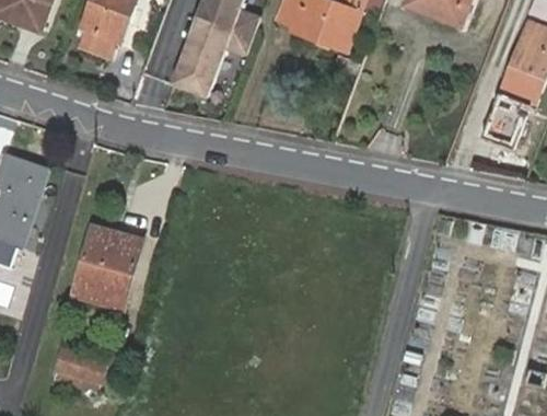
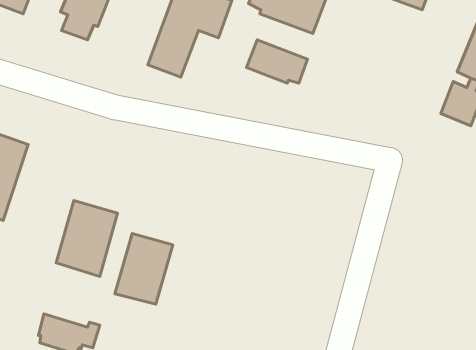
building: none -> [246,40,308,83]
building: none -> [115,234,173,304]

